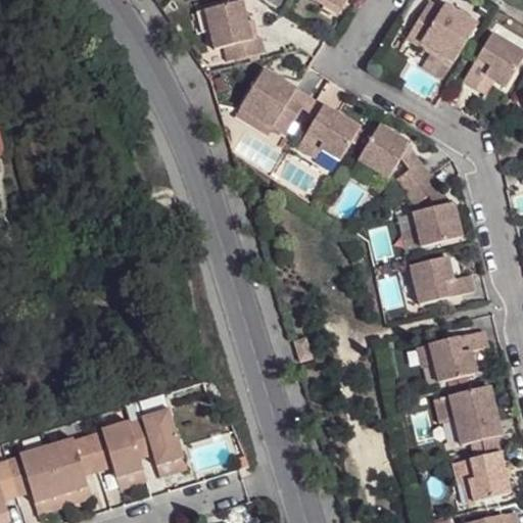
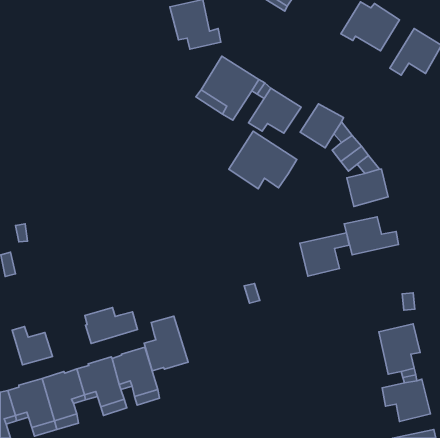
building: none -> [229,131,297,189]
building: [429,329,487,380] -> [300,233,349,276]
building: none -> [85,308,137,344]
building: none -> [144,316,188,371]
building: none -> [12,326,52,365]

